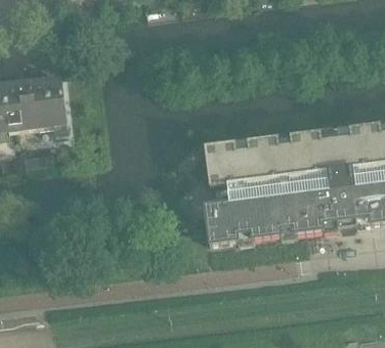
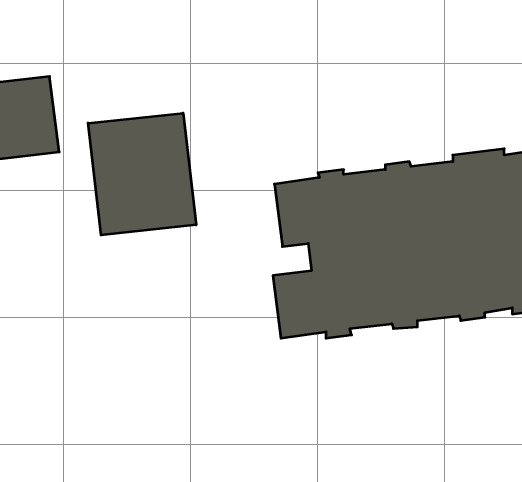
building: none -> [88,113,196,235]

